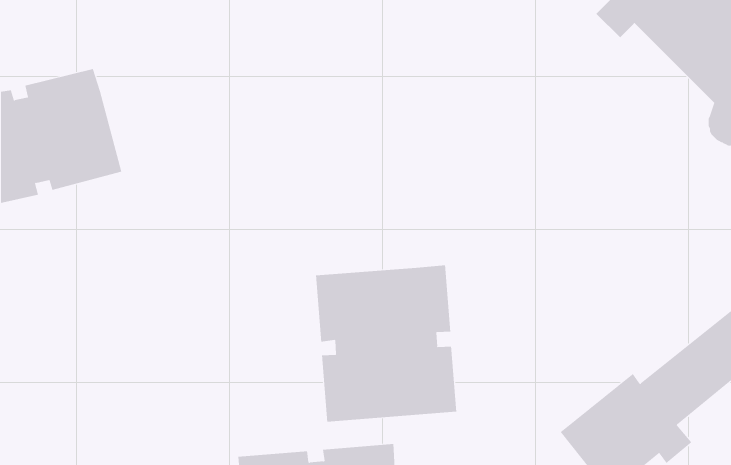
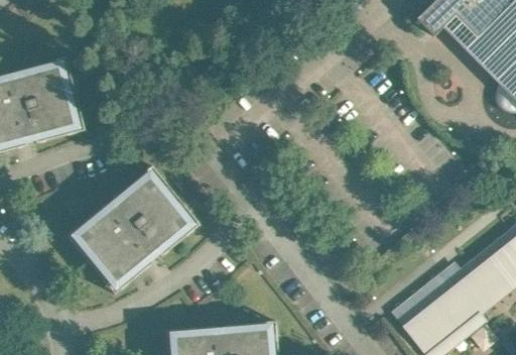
building: none -> [67,164,201,293]
building: [316,264,457,423] -> none

